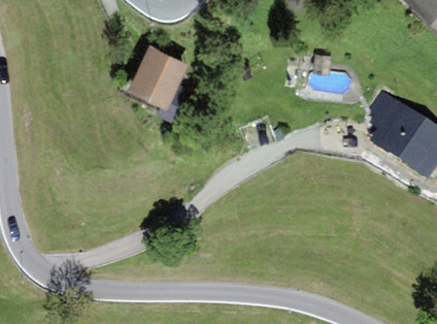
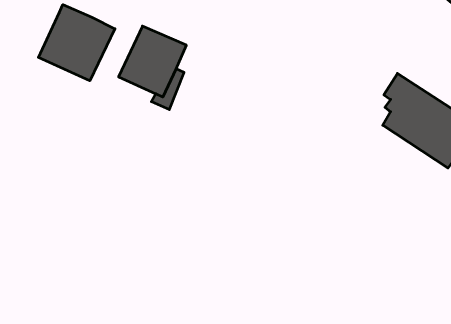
building: none -> [38,5,115,81]

